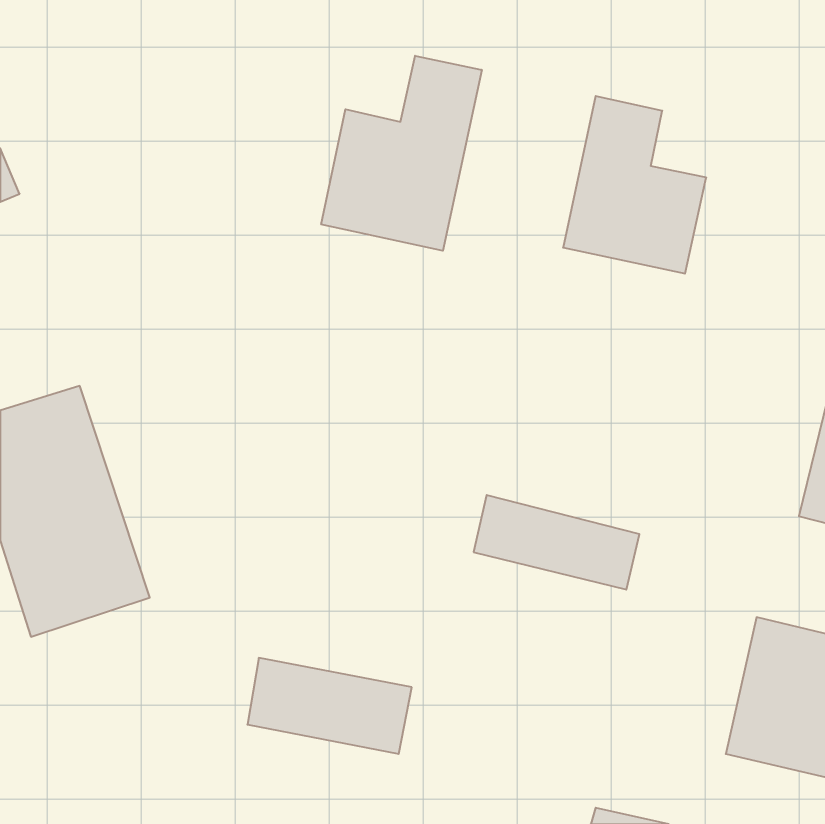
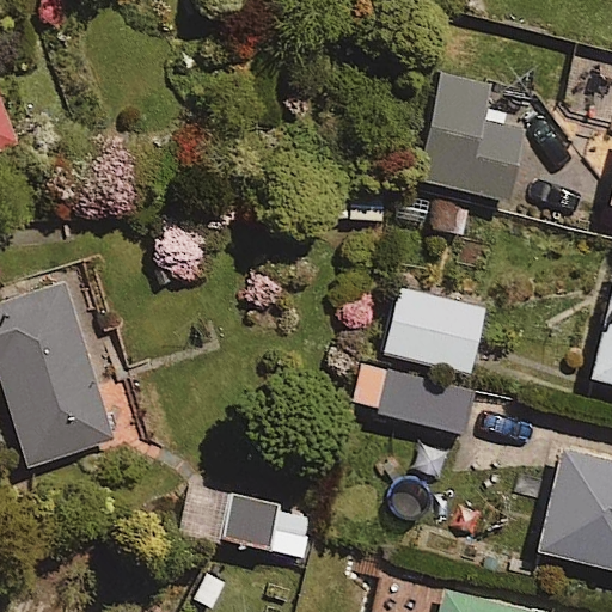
building: [321,56,482,251] -> none
building: none -> [384,286,486,372]

